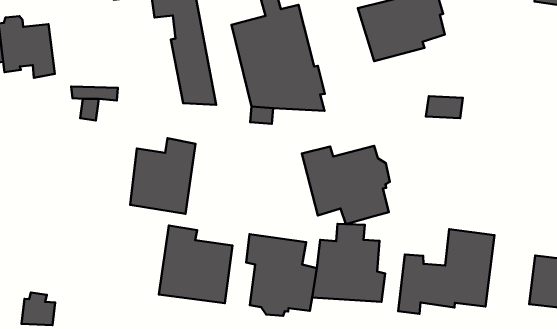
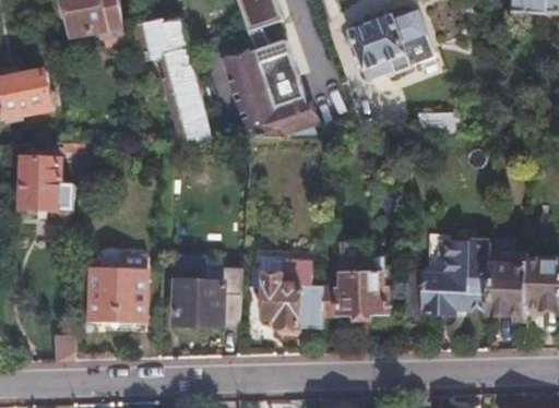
building: none -> [21,152,73,213]
building: [130,138,196,214] -> [90,256,147,327]
building: [302,146,390,224] -> none
building: none -> [489,251,530,313]

